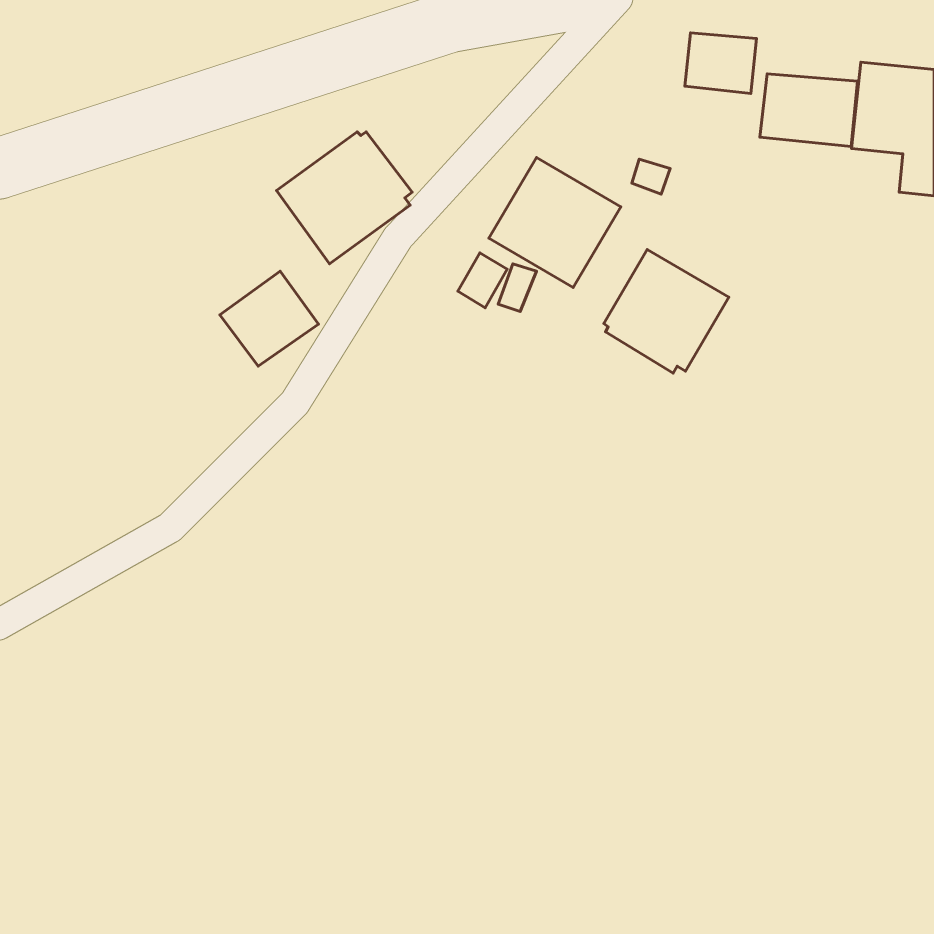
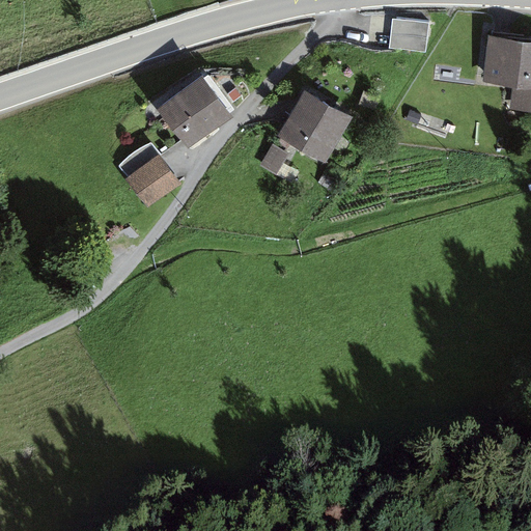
building: [760,74,858,146] -> none
building: [604,249,729,373] -> none

